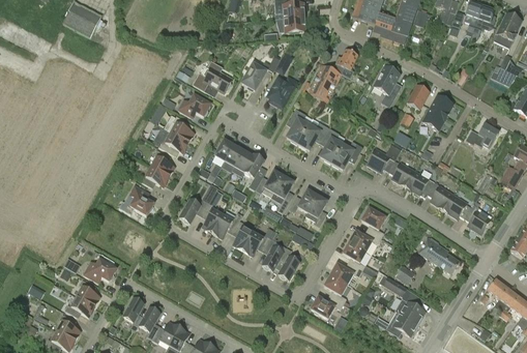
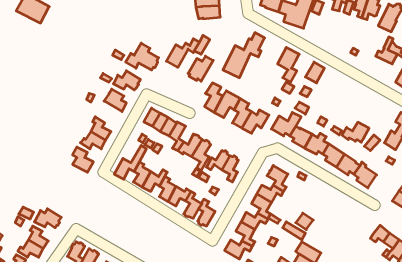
building: [422,95,453,130] -> none
building: [466,124,498,148] -> [342,122,369,142]
building: [158,130,188,155] -> none
building: [418,237,460,274] -> none

